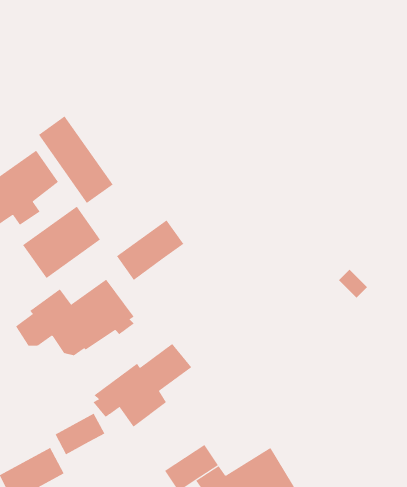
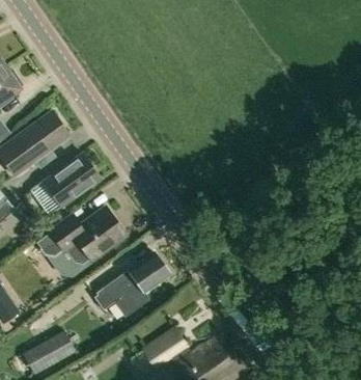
building: [38,115,113,204] -> none
building: [116,219,184,281] -> none
building: [55,413,105,455] -> none

